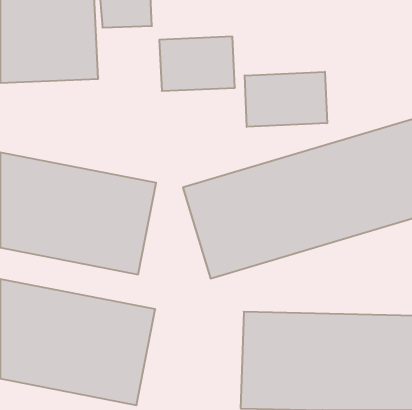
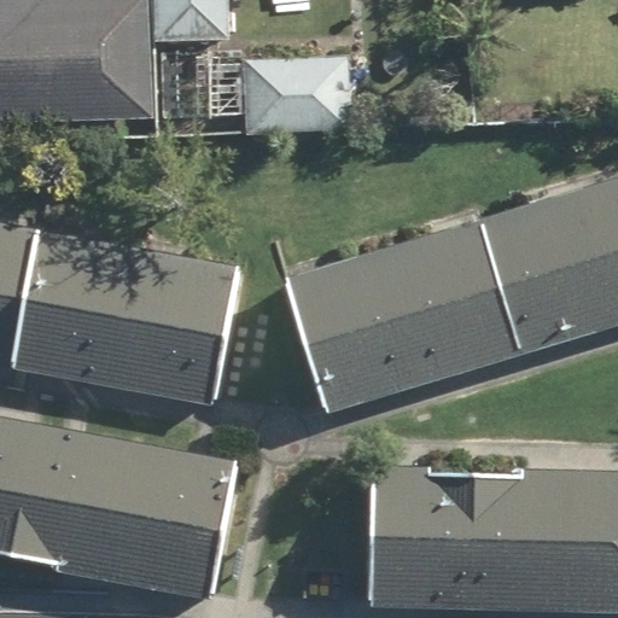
building: [245,72,327,127] -> none

